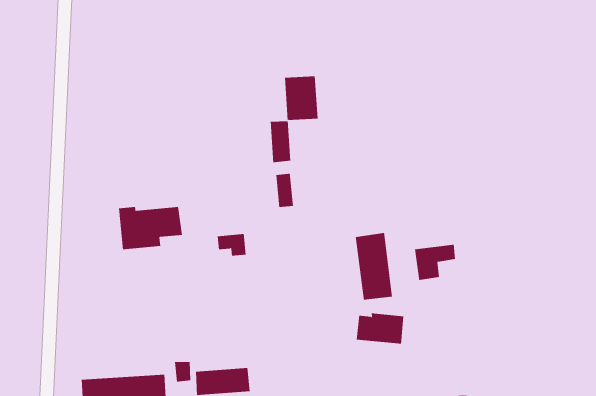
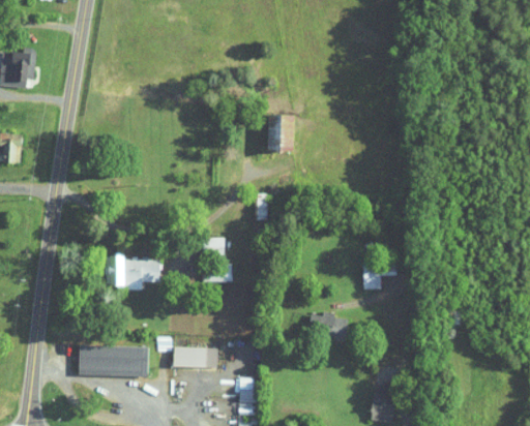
building: [270,120,291,163] -> none
building: [118,206,183,250] -> [109,255,159,290]
building: [355,232,393,300] -> none

